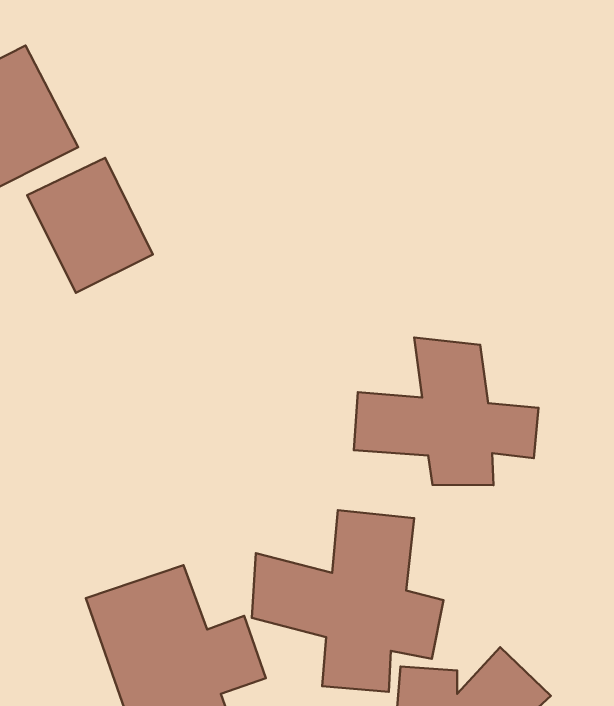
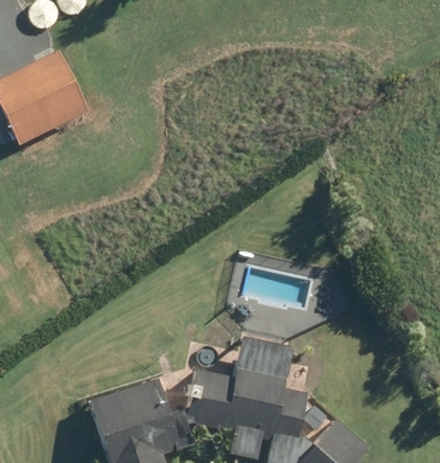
building: [27,158,153,293] -> none
building: [354,338,538,485] -> none

